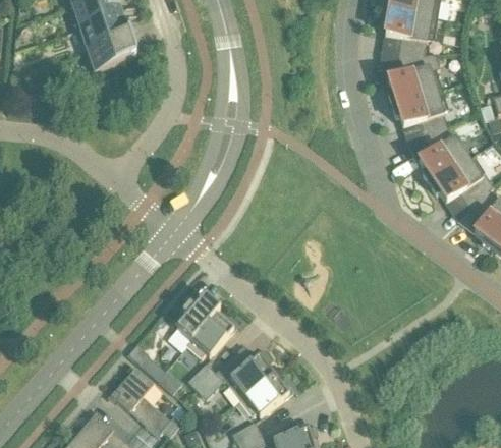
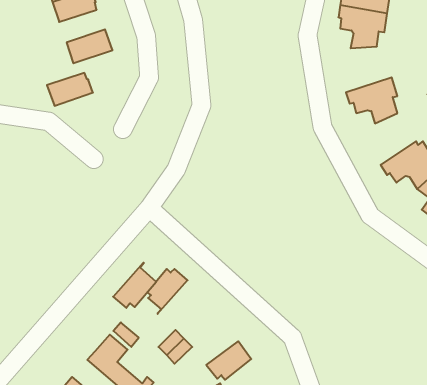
building: [79,13,129,49] -> [47,73,93,106]
building: [387,52,441,103] -> none
building: [419,125,467,181] -> none
building: [186,306,233,355] -> [113,263,156,308]
building: [228,353,274,398] -> none

